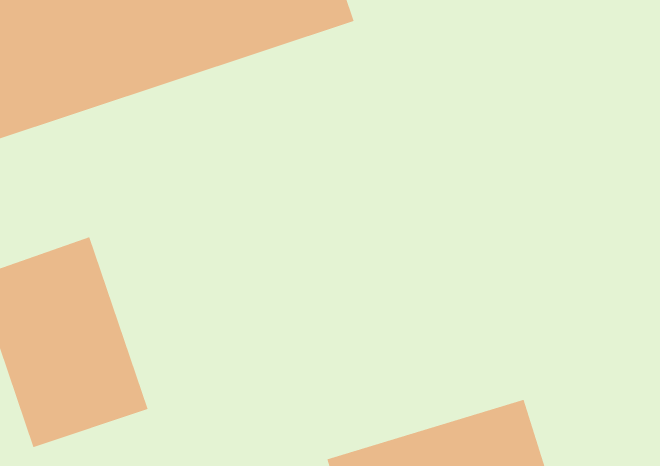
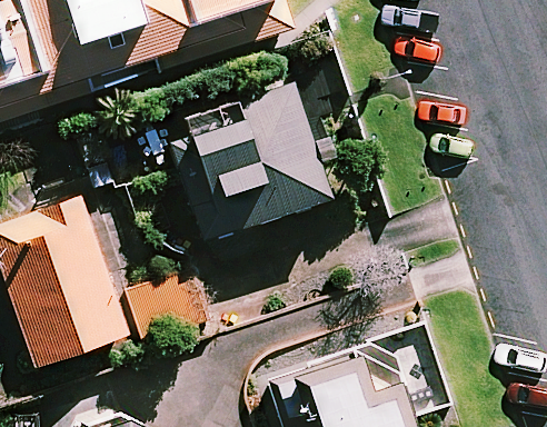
building: none -> [171,86,331,242]

